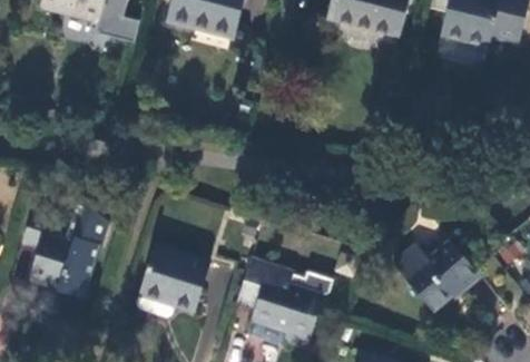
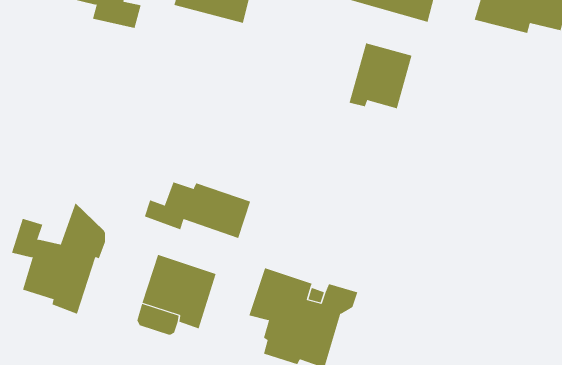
building: none -> [349,43,412,109]
building: none -> [144,182,251,239]
building: [403,242,479,313] -> none

